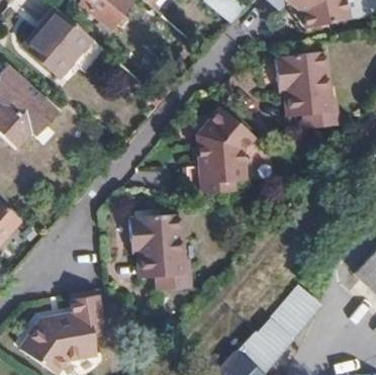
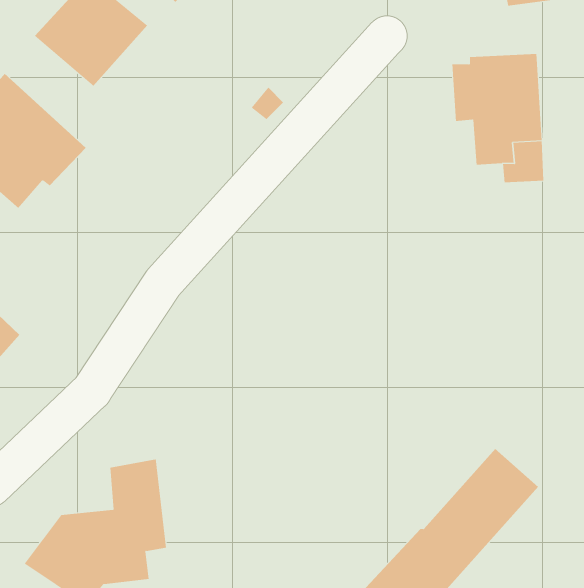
building: [182,110,252,197] -> none
building: [126,215,186,292] -> none

